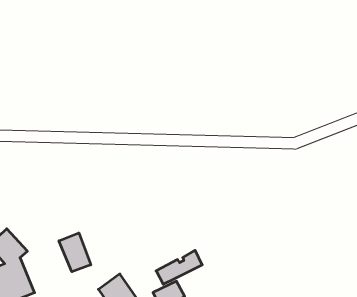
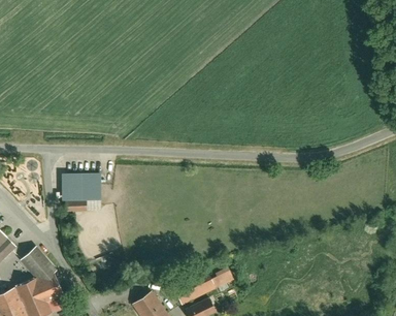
building: none -> [61,173,101,214]
building: [59,233,91,272] -> none

